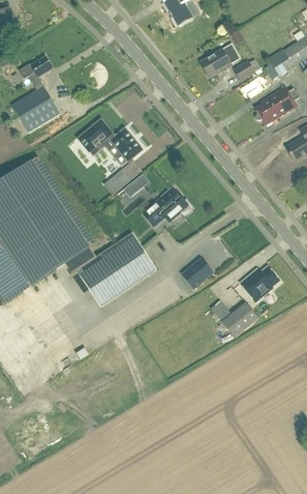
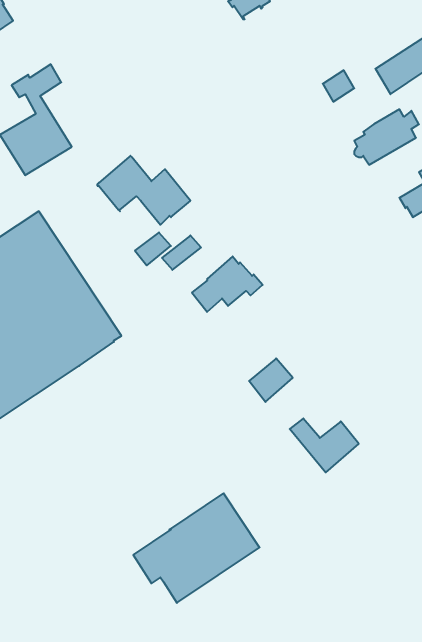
building: [199,42,238,76] -> none
building: [70,231,157,307] -> [133,493,260,603]
building: [240,265,278,301] -> none

